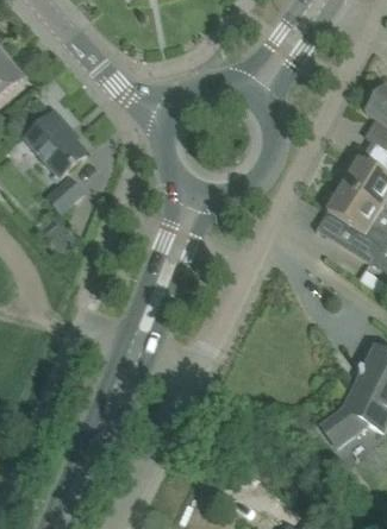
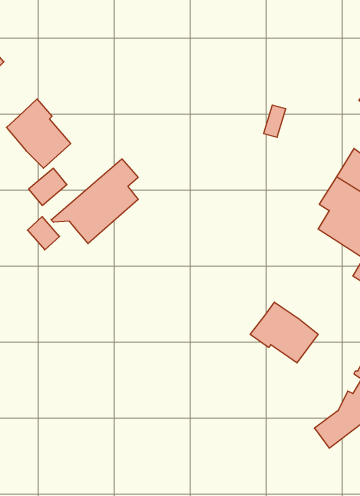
building: none -> [51,159,138,244]
building: none -> [250,302,318,363]

